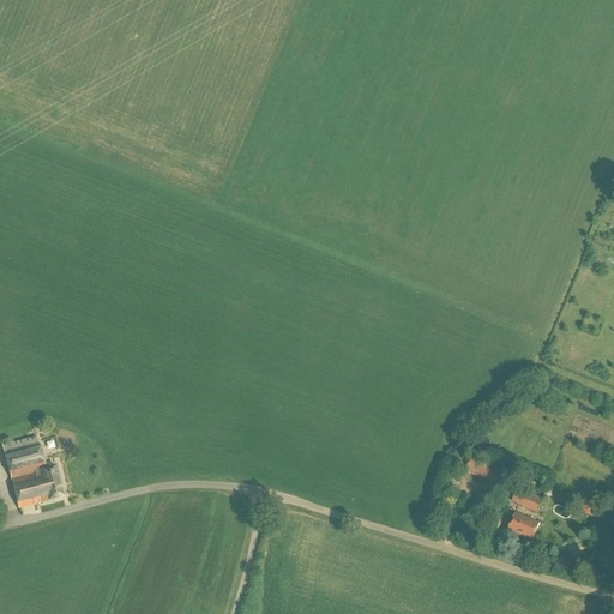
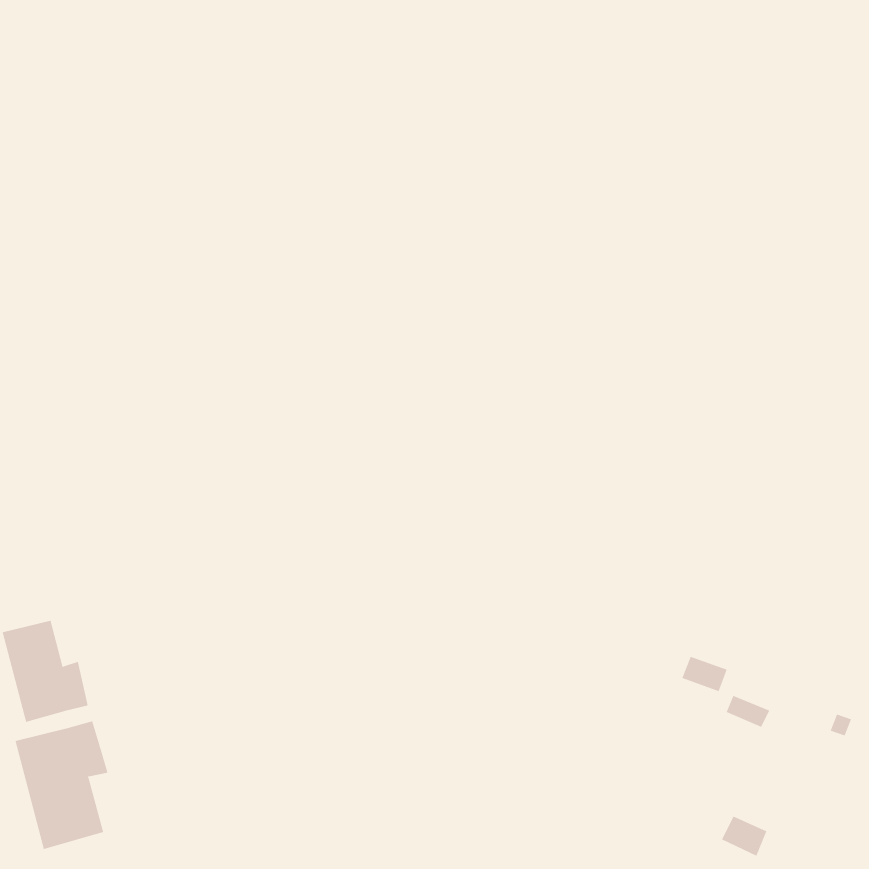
building: none -> [15,721,108,850]
building: [506,512,538,541] -> [721,816,767,857]

